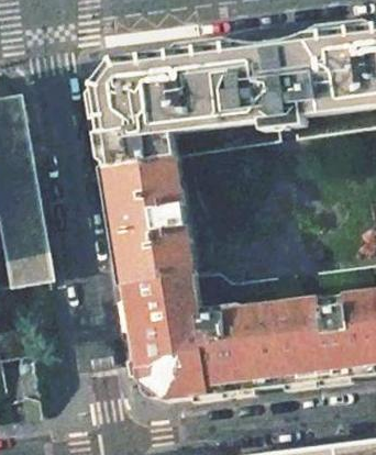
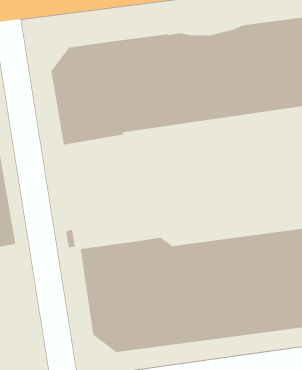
building: [104,156,193,285] -> none

